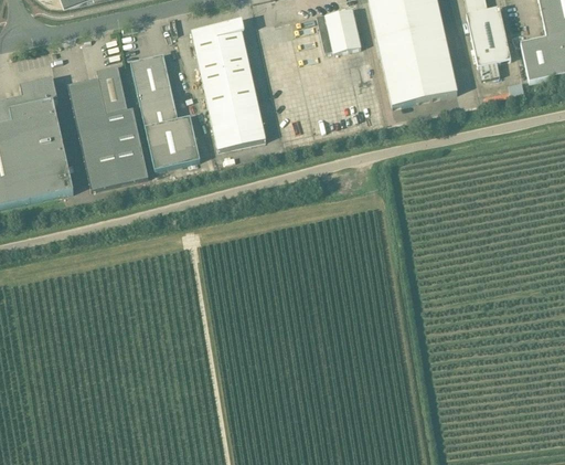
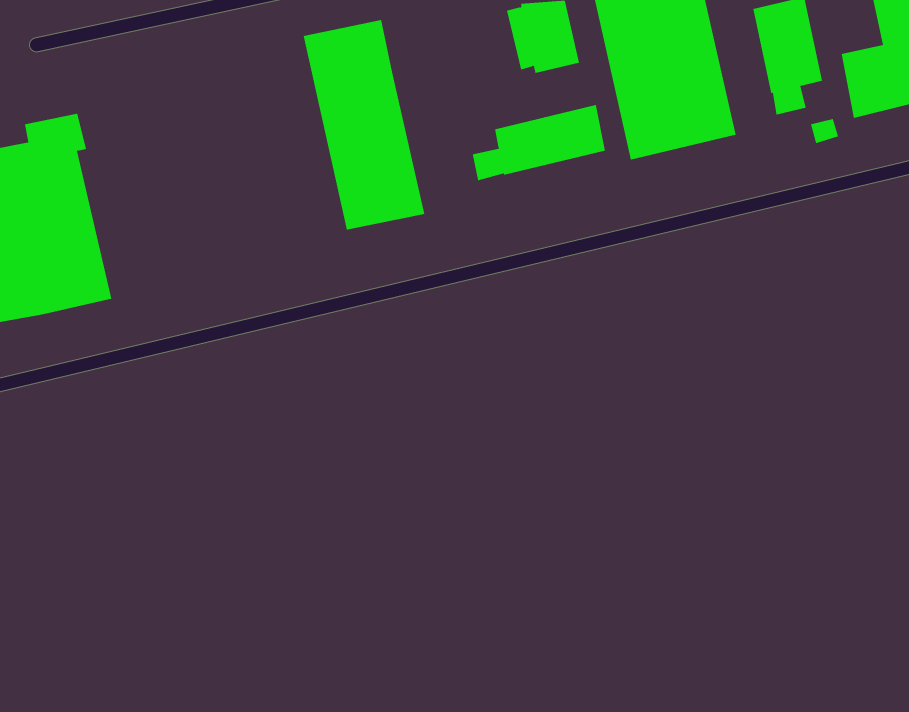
building: [130,54,200,170] -> none
building: [67,65,147,190] -> none
building: none -> [472,104,606,181]

